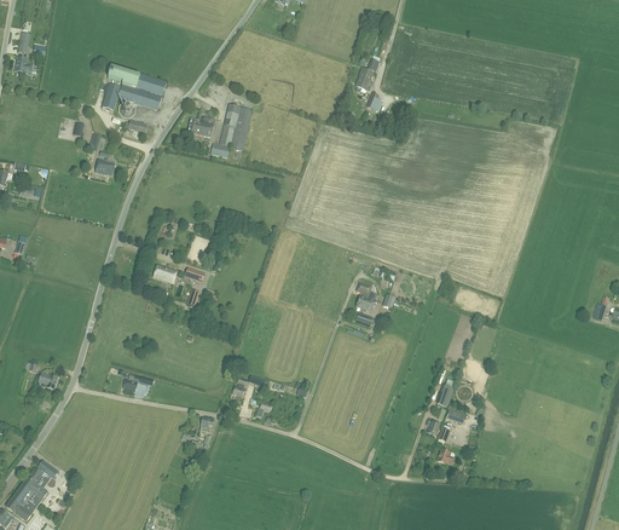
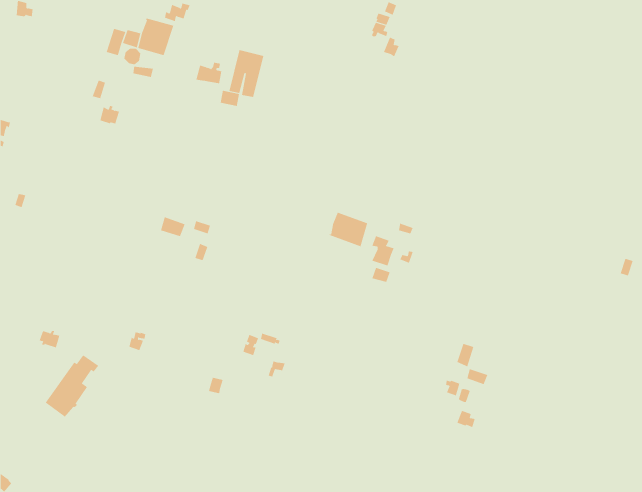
building: none -> [329,212,368,247]
building: [6,461,58,522] -> [45,354,99,418]

